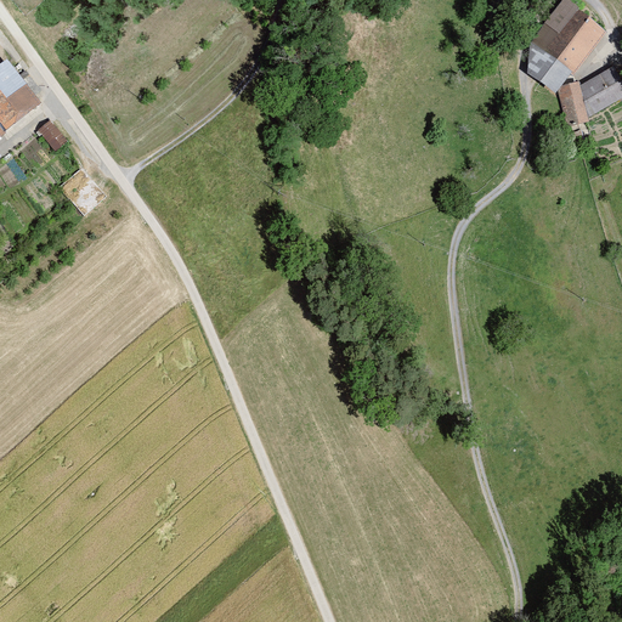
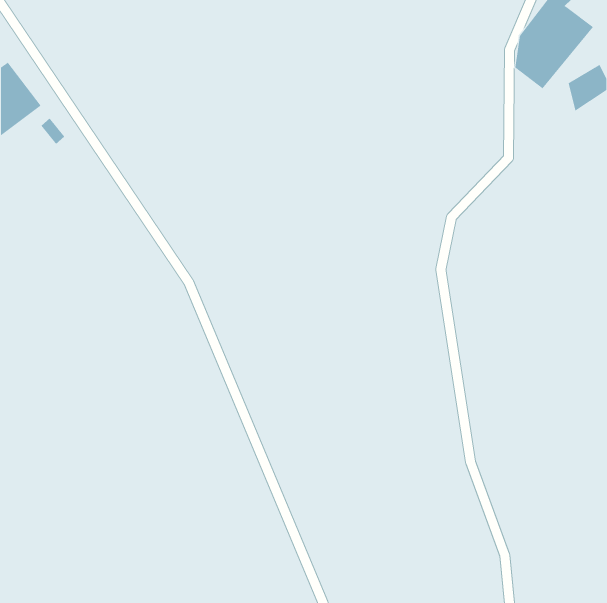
building: [560,79,589,121] -> none

